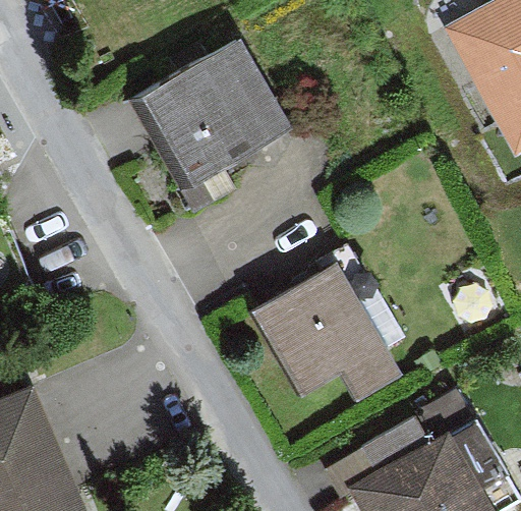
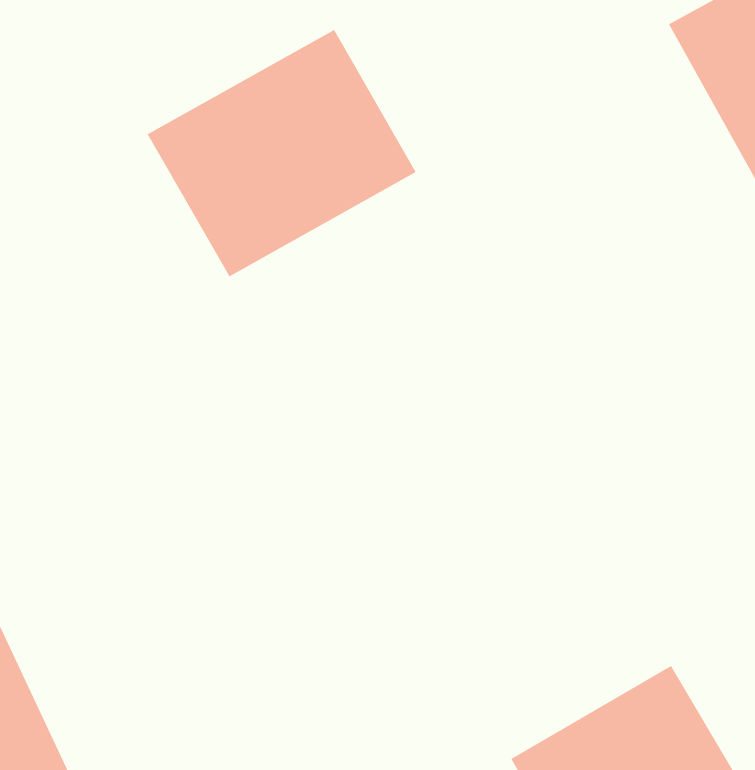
building: [245,256,401,399] -> none

